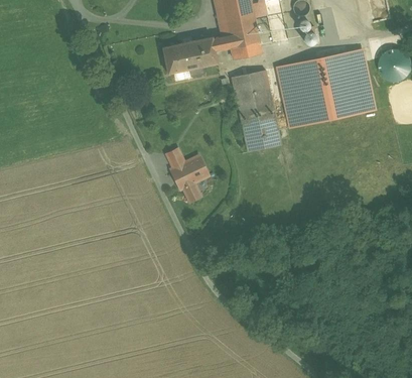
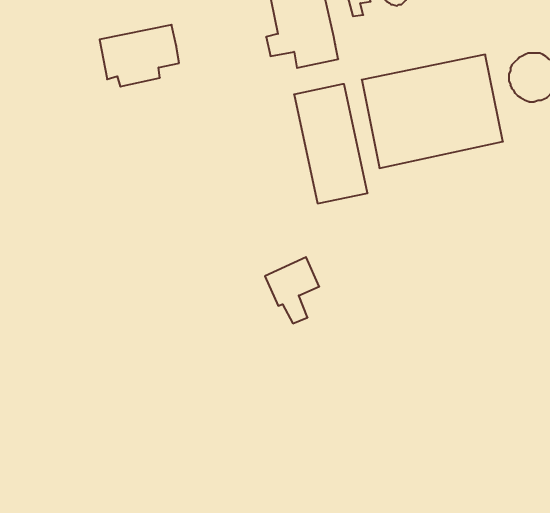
building: [162,36,217,79] -> [100,25,179,87]
building: [170,155,208,201] -> [265,257,319,323]

